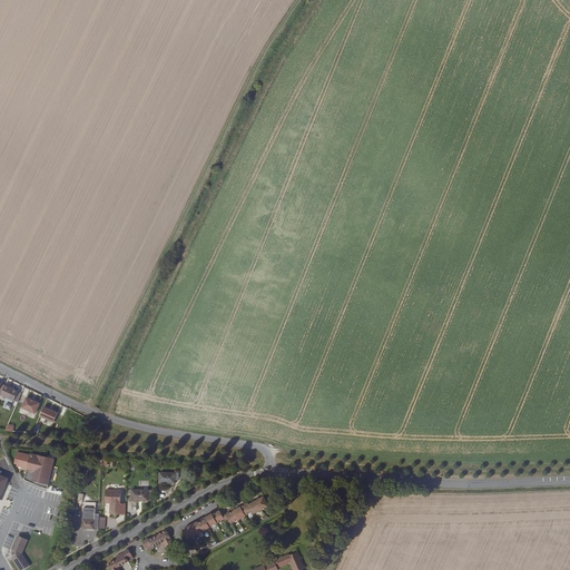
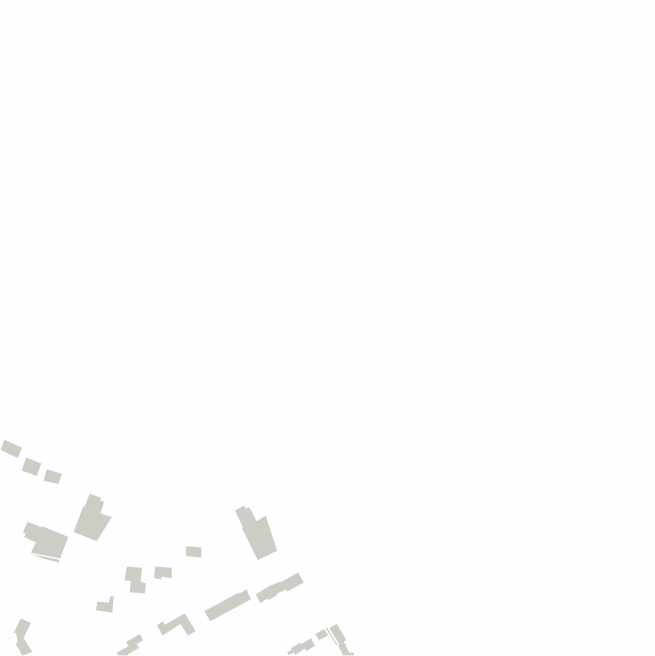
building: none -> [73,493,113,542]
building: none -> [234,504,278,561]

